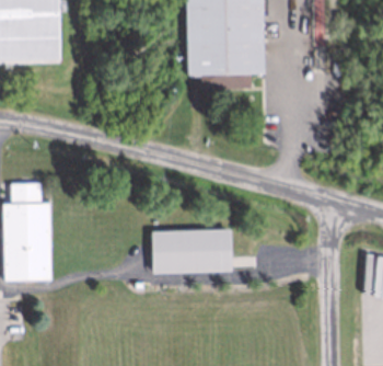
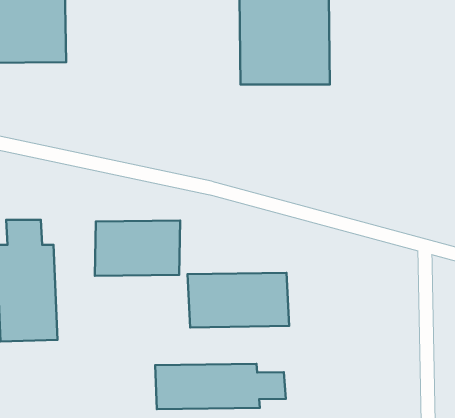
building: none -> [95,220,180,276]
building: none -> [155,364,286,409]

